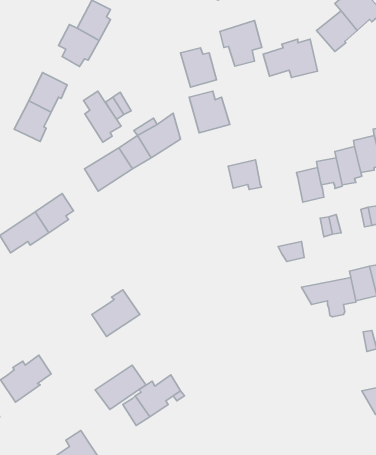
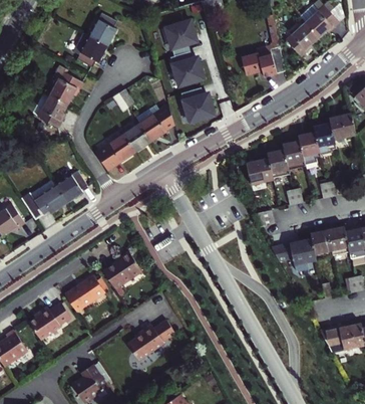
building: [220,20,262,66] -> [161,19,196,56]
building: [83,91,121,142] -> none
building: [228,160,262,190] -> [247,158,274,182]
building: [95,365,146,410] -> [62,275,103,312]

